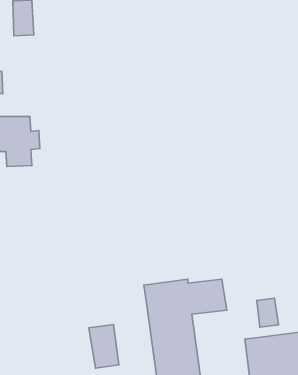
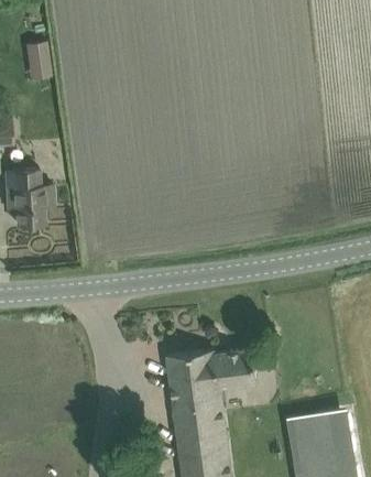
building: [257,298,279,327] -> none
building: [89,325,119,368] -> none

